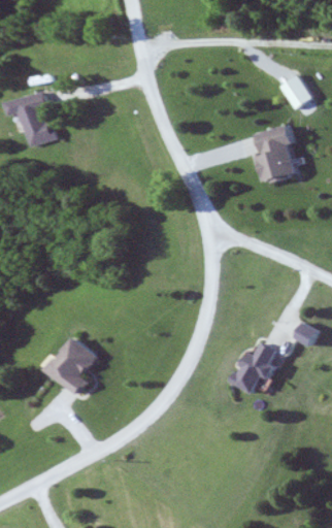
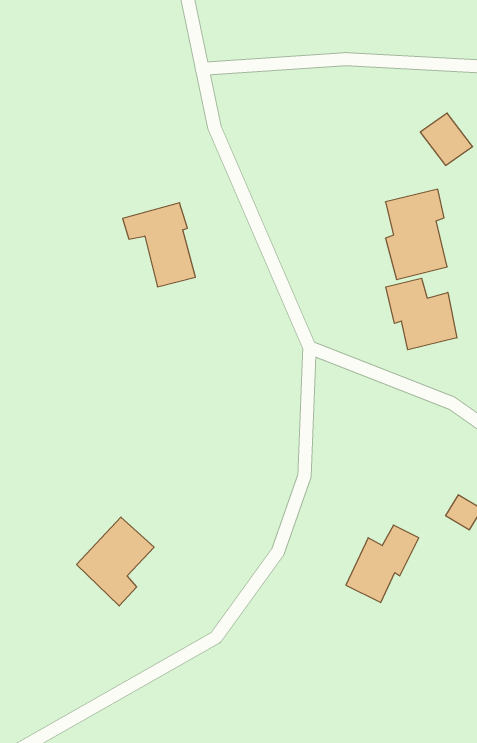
building: [9,92,57,146] -> [123,203,195,287]
building: none -> [386,278,457,350]

